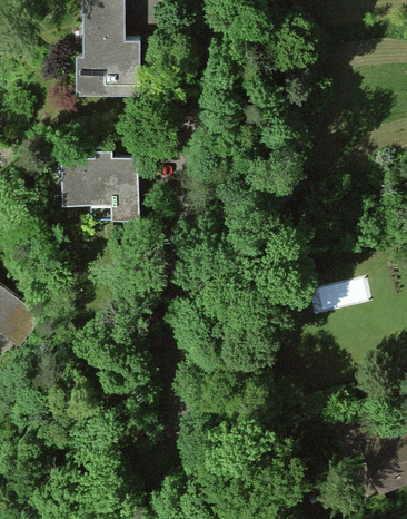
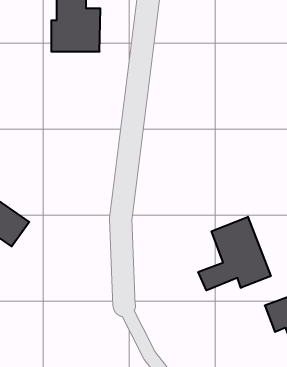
building: [63,151,137,218] -> none
building: none -> [198,217,271,290]

